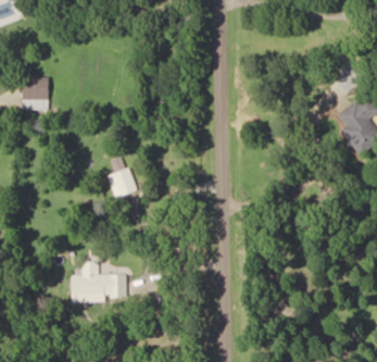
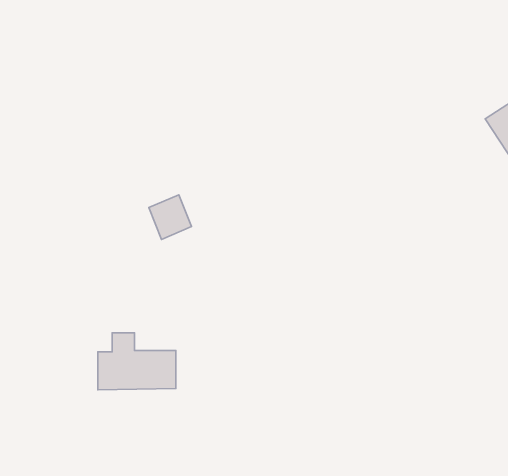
building: [22,77,47,110] -> none

